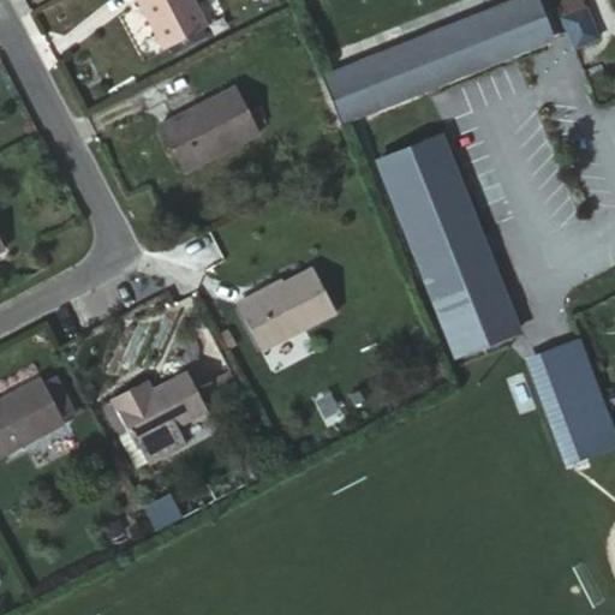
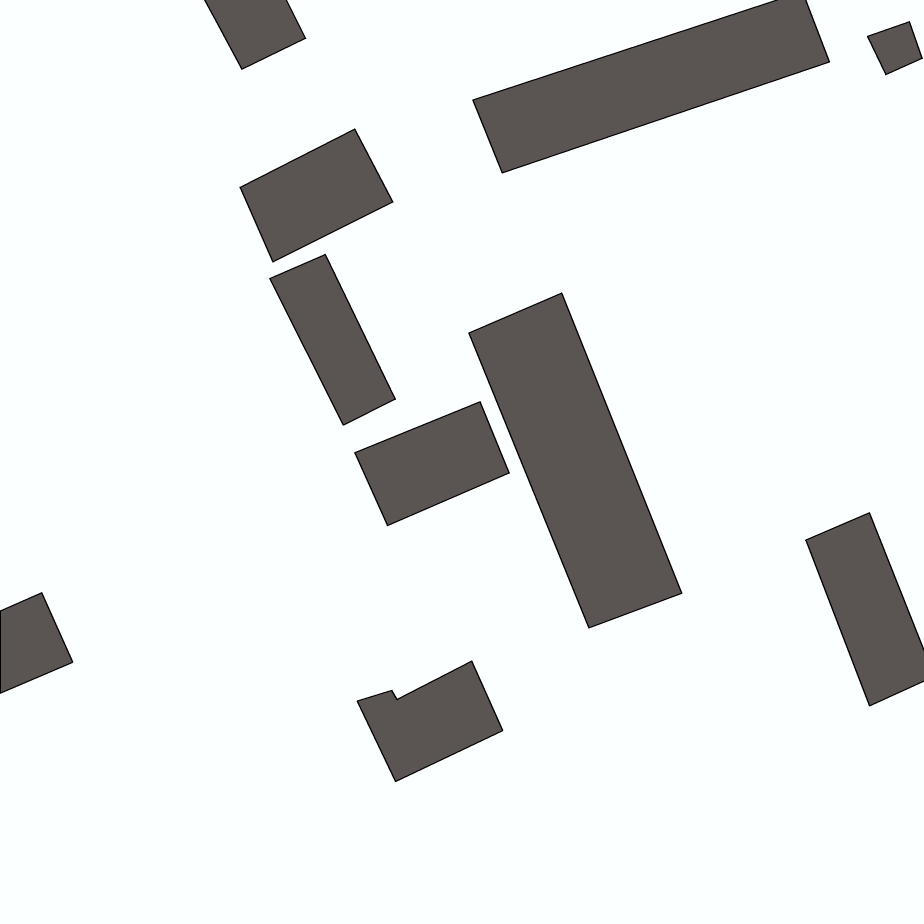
building: [377,137,518,358] -> [469,293,682,628]
building: none -> [270,254,395,425]
building: [112,371,208,450] -> [357,661,503,781]

